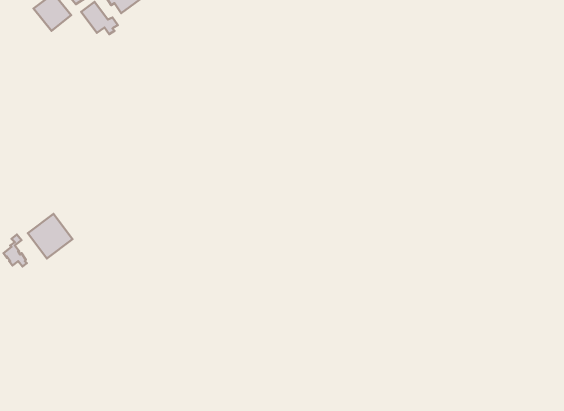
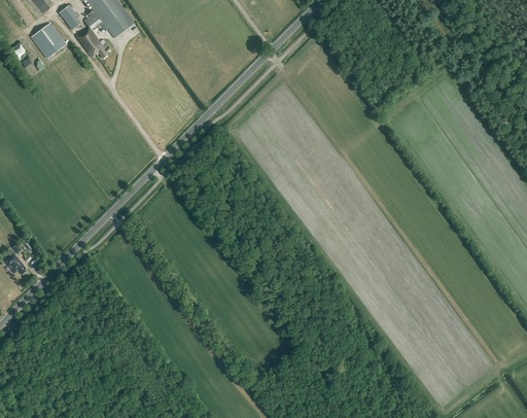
building: [28,214,72,259] -> none

